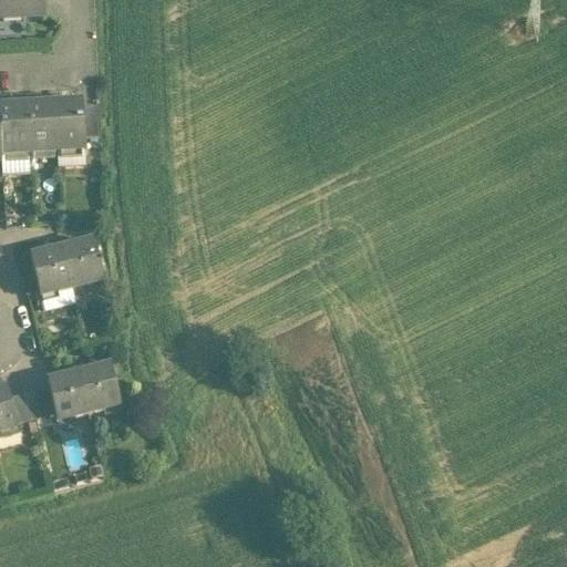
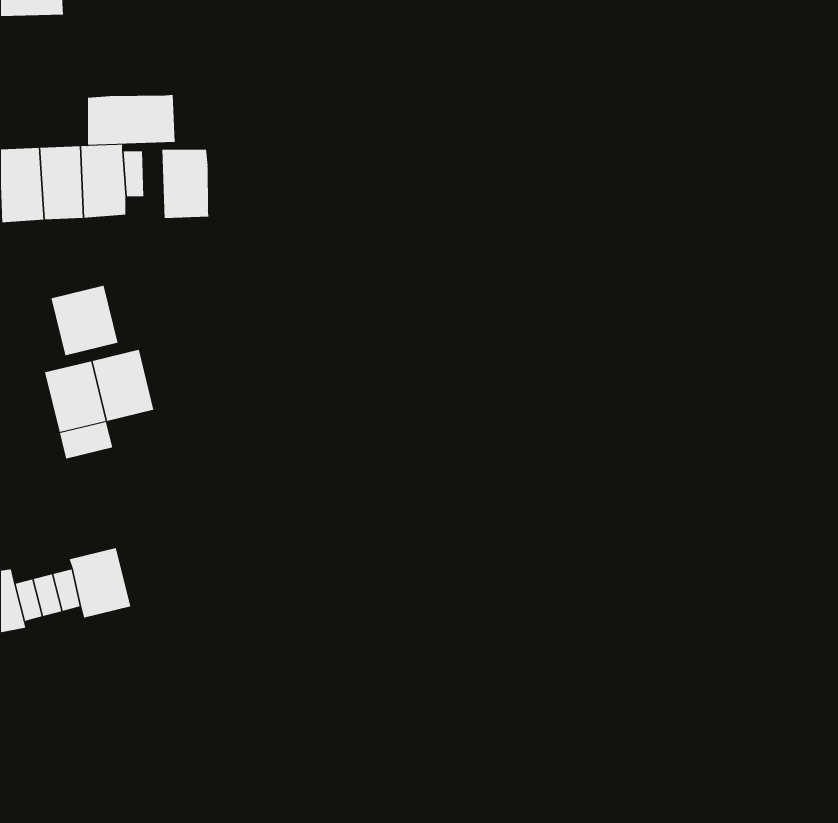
building: none -> [88,94,175,146]
building: none -> [162,149,209,219]
building: none -> [51,285,118,356]
building: [79,361,121,410] -> none

